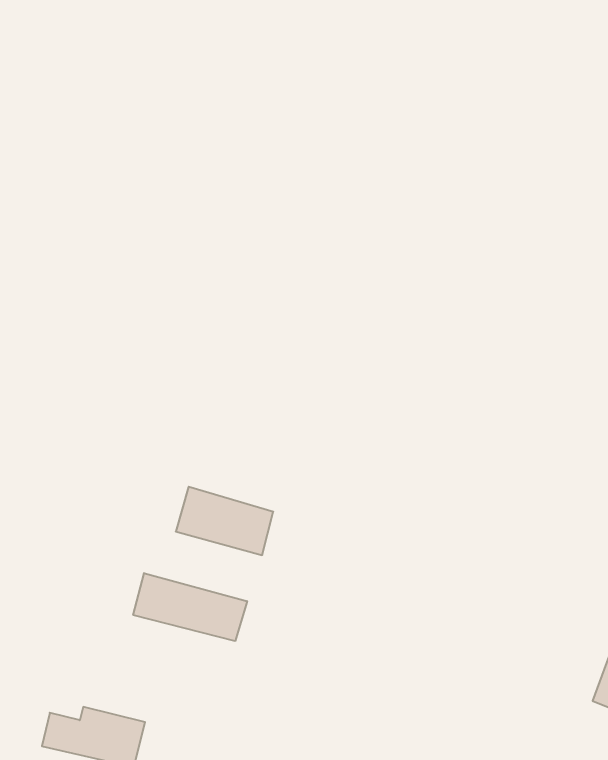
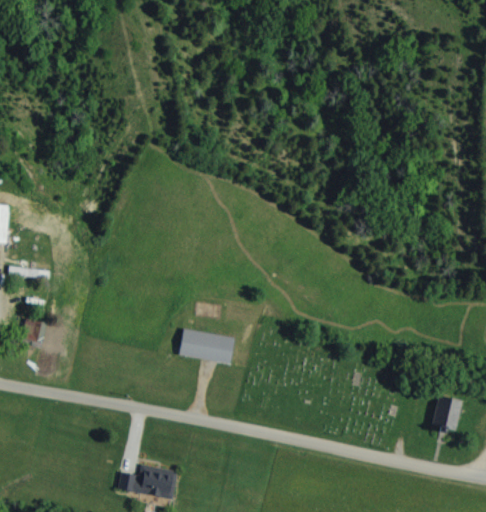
building: [133,573,247,641] -> none

